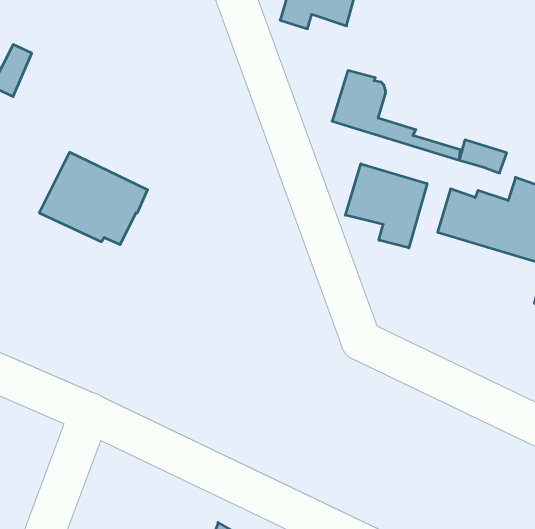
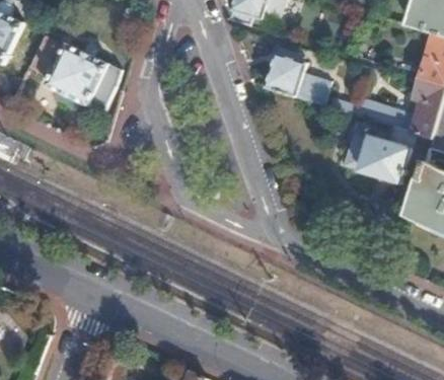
building: [39,152,148,245] -> [44,42,120,106]
building: [345,164,427,248] -> none

